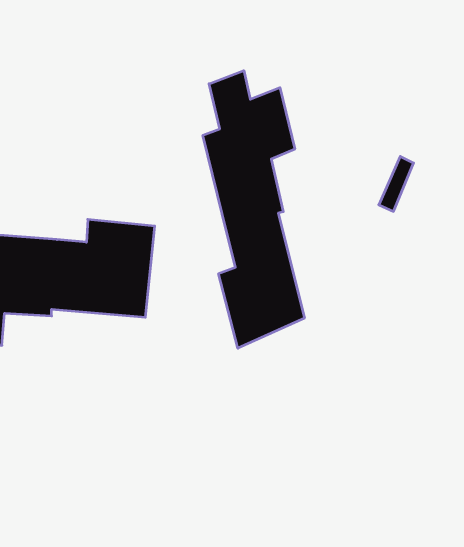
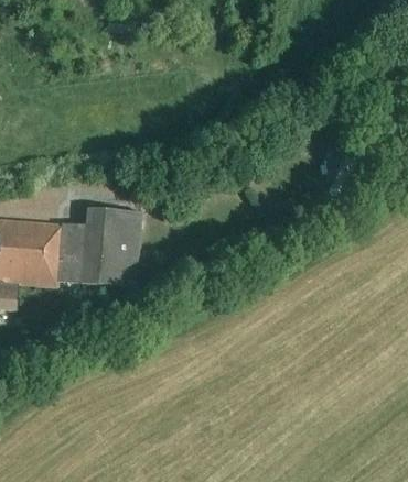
building: [203,71,304,348] -> none

